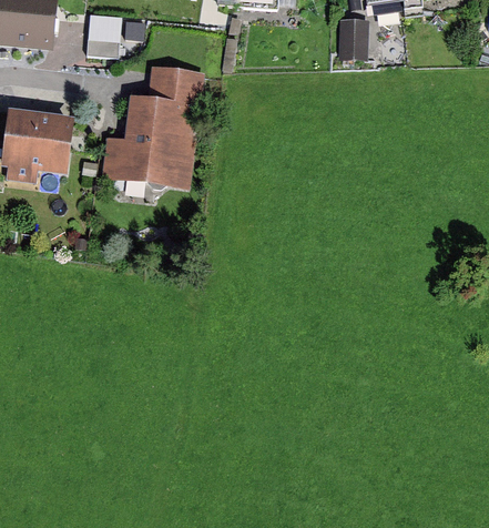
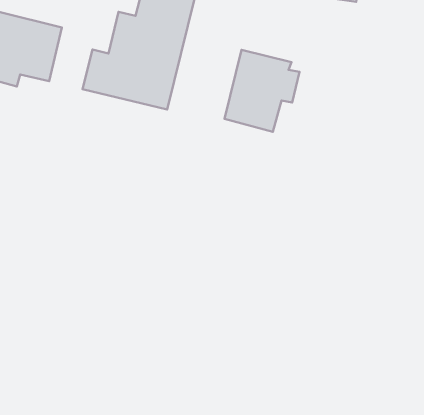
building: none -> [225,50,299,132]

